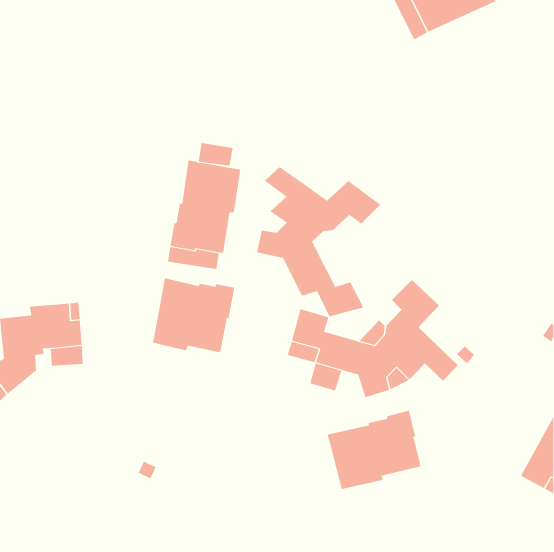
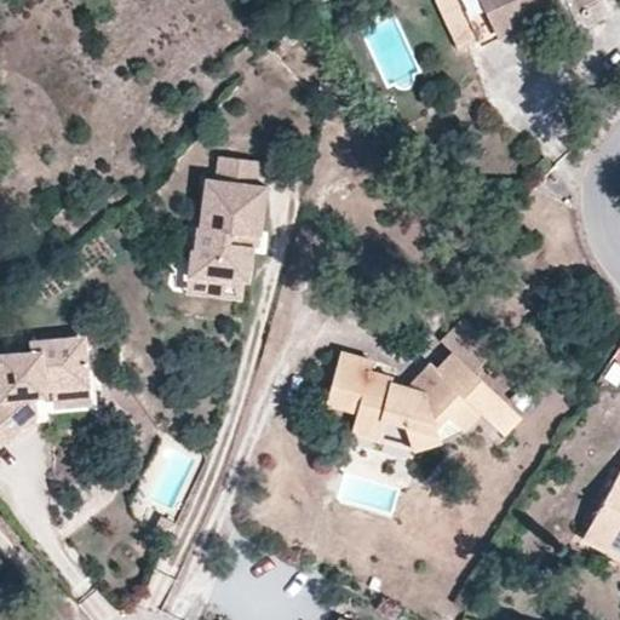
building: [256,166,381,317] -> none
building: [152,277,235,353] -> none
building: [327,410,421,490] -> none

